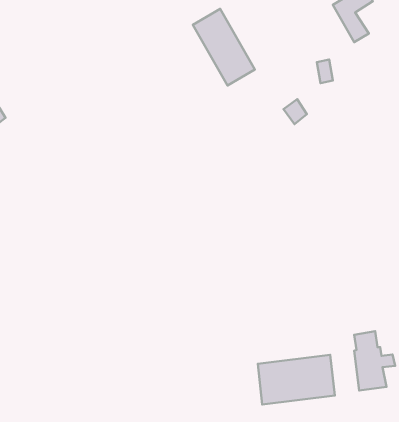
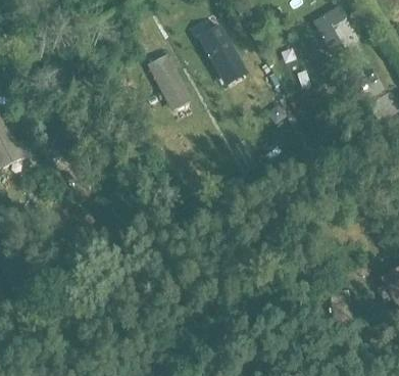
building: none -> [149,53,192,110]
building: [258,355,335,404] -> none

